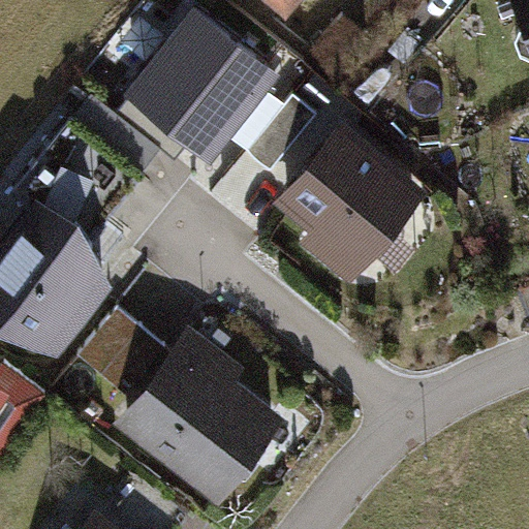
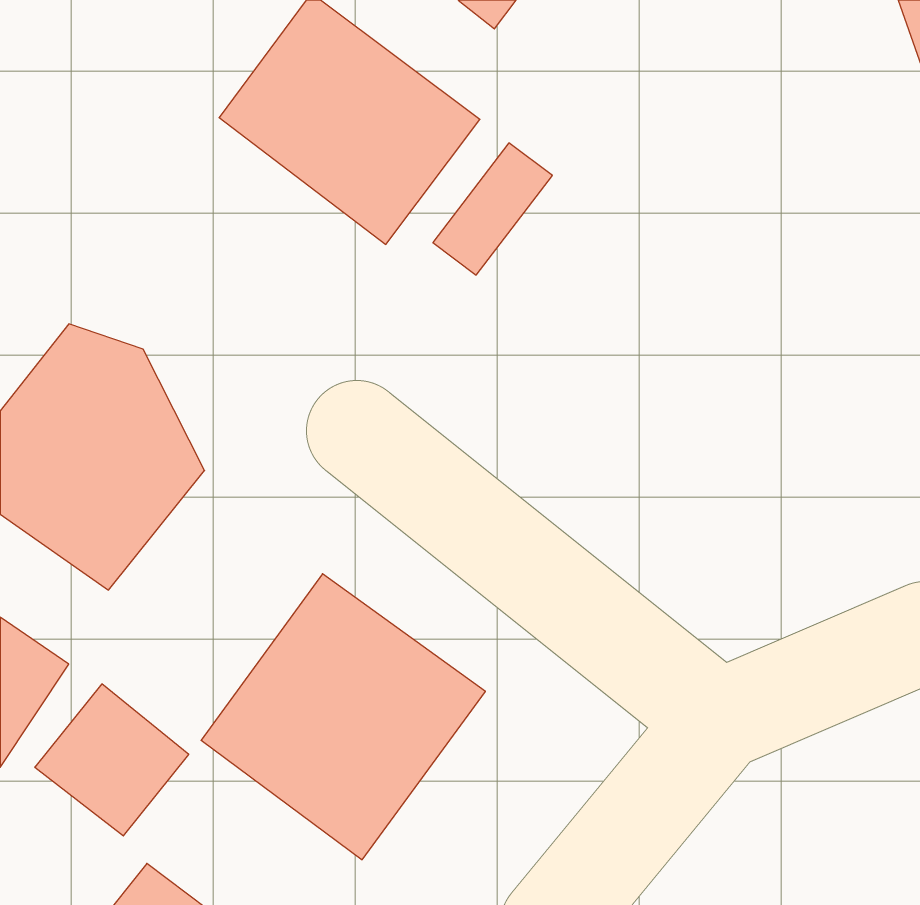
building: [289,132,422,289] -> none
building: [80,305,167,392] -> [35,684,189,836]

